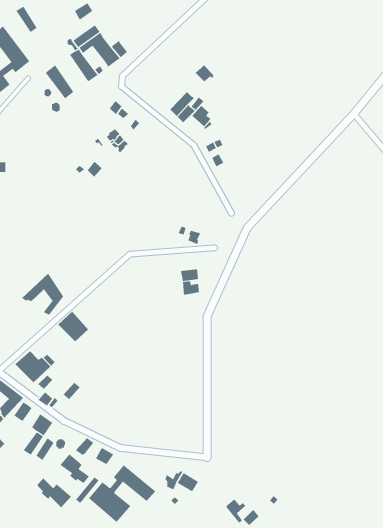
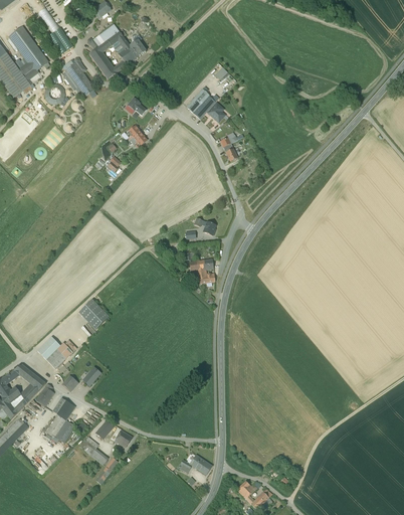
building: [21,273,64,315] -> none
building: [88,465,156,523] -> none
building: [37,477,72,508] -> none

